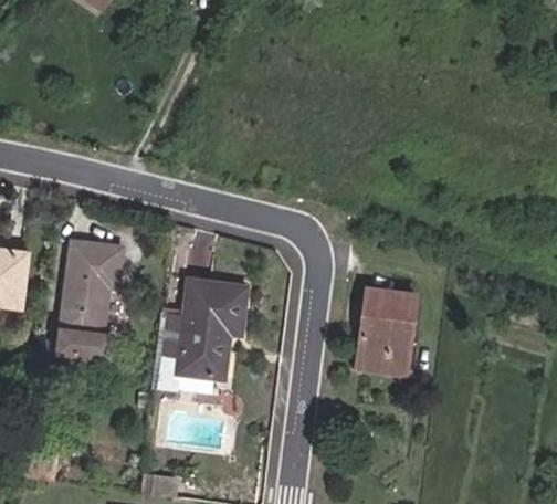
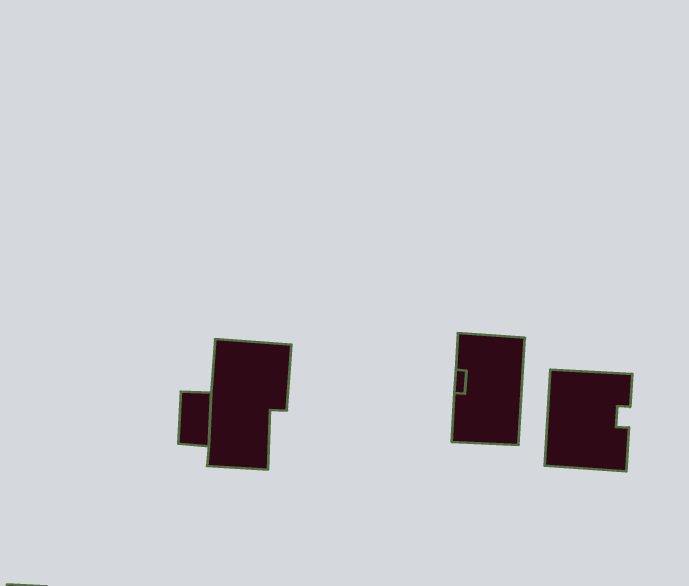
building: [59,243,120,359] -> none
building: none -> [545,370,632,471]

